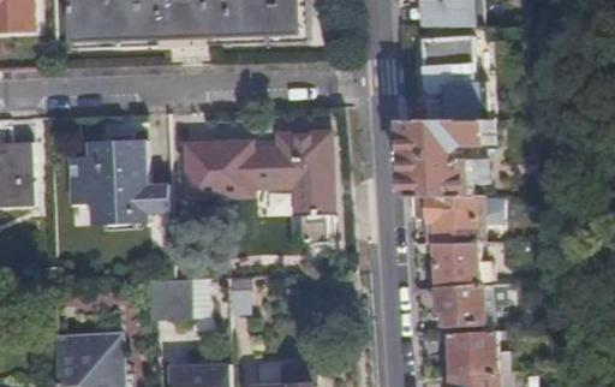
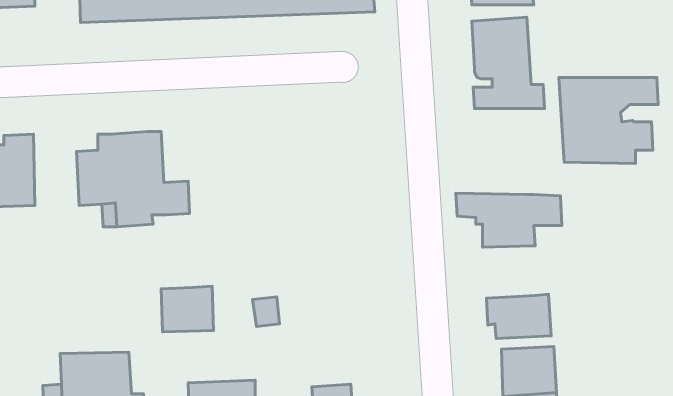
building: [402,119,491,196] -> [559,77,658,164]
building: [183,132,329,242] -> none
building: [431,242,490,288] -> none

